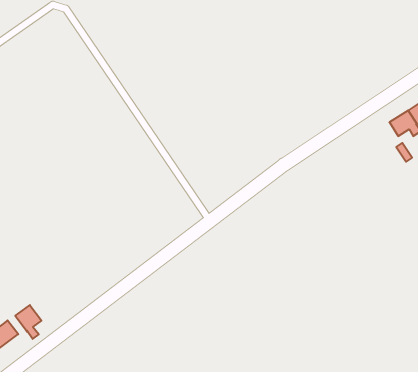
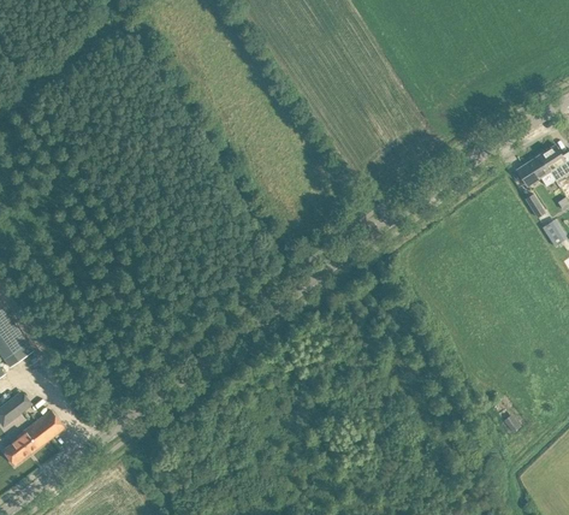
building: [15,305,41,339] -> none

